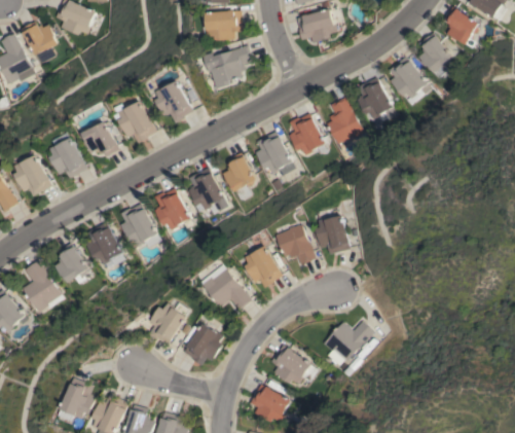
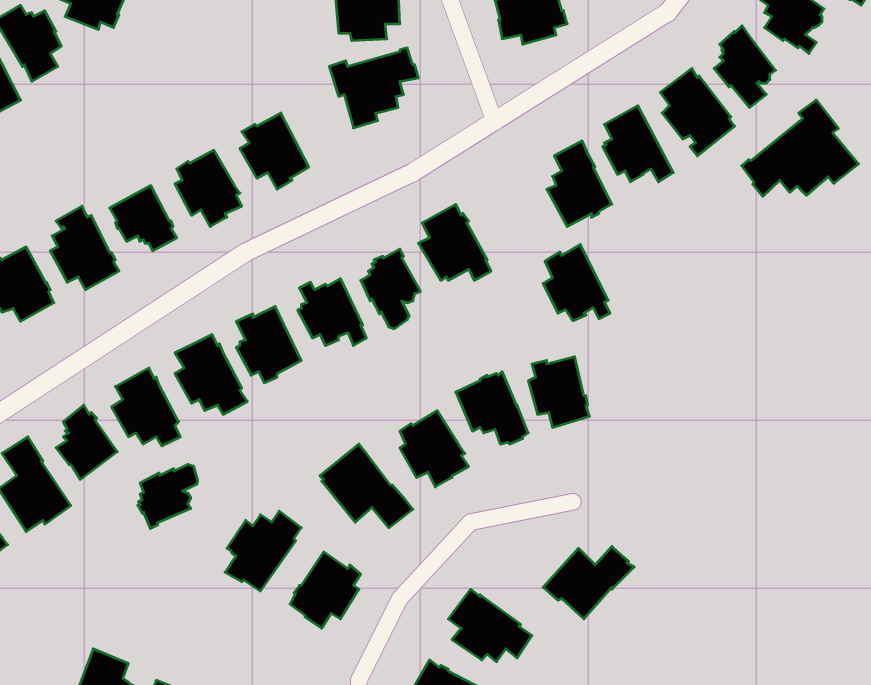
building: none -> [742,100,859,196]
building: [288,112,325,154] -> [543,244,610,321]
building: none -> [138,464,198,529]

